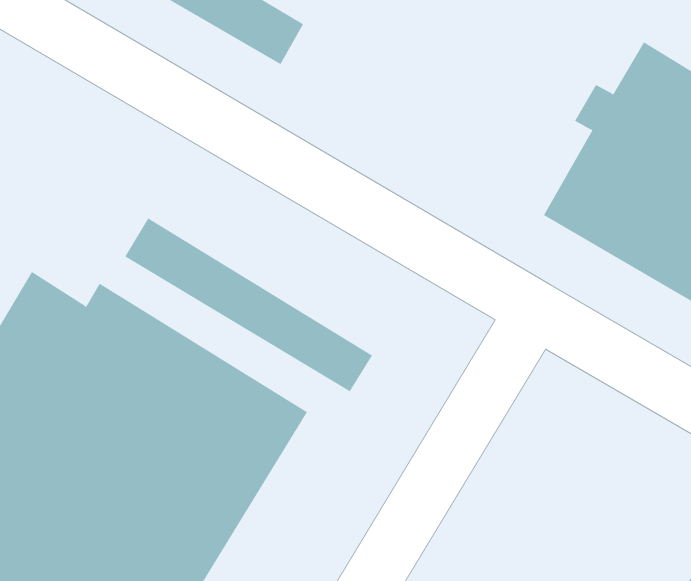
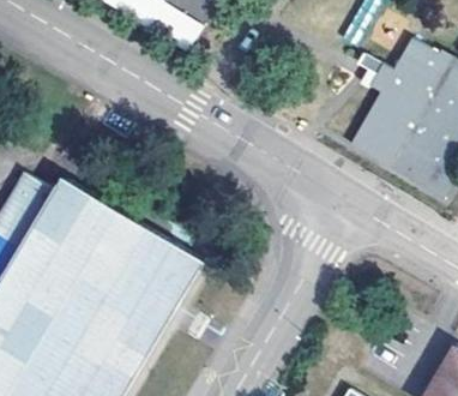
building: [125,217,373,392] -> none

